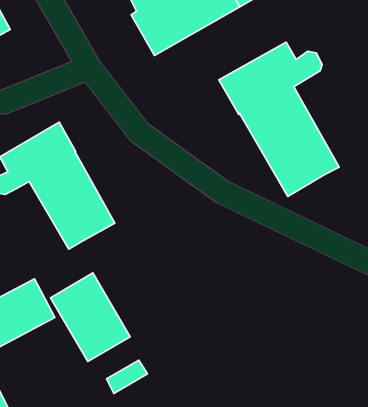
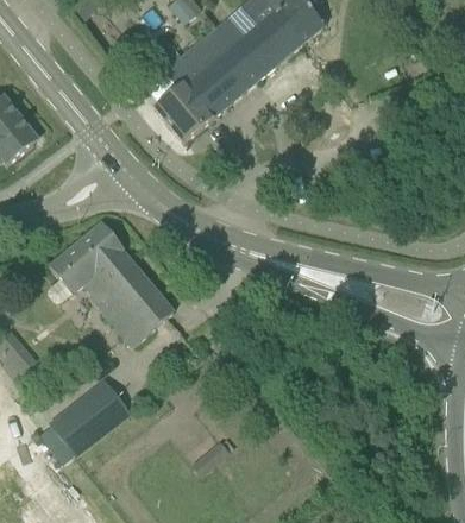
building: [219,42,339,196] -> none
building: [51,273,130,362] -> none

